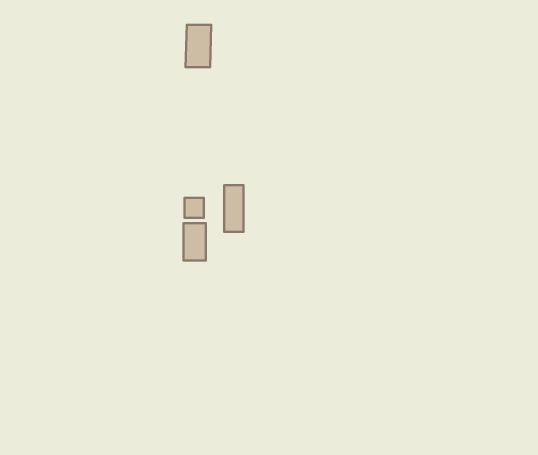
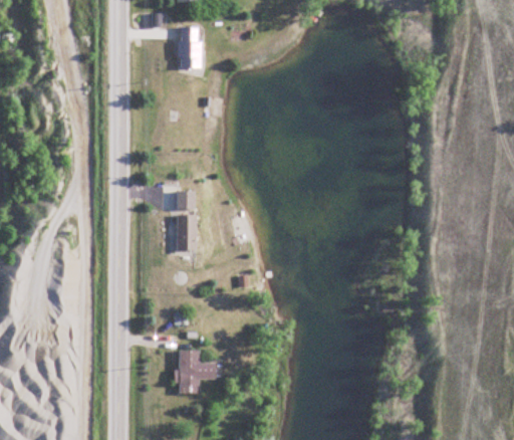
building: [224,185,244,232] -> none
building: none -> [178,350,218,394]

